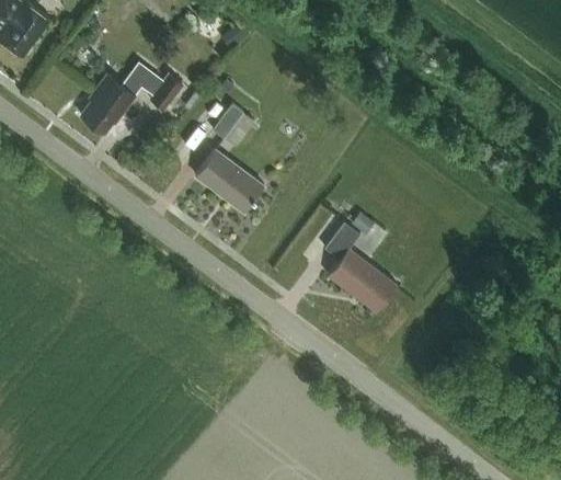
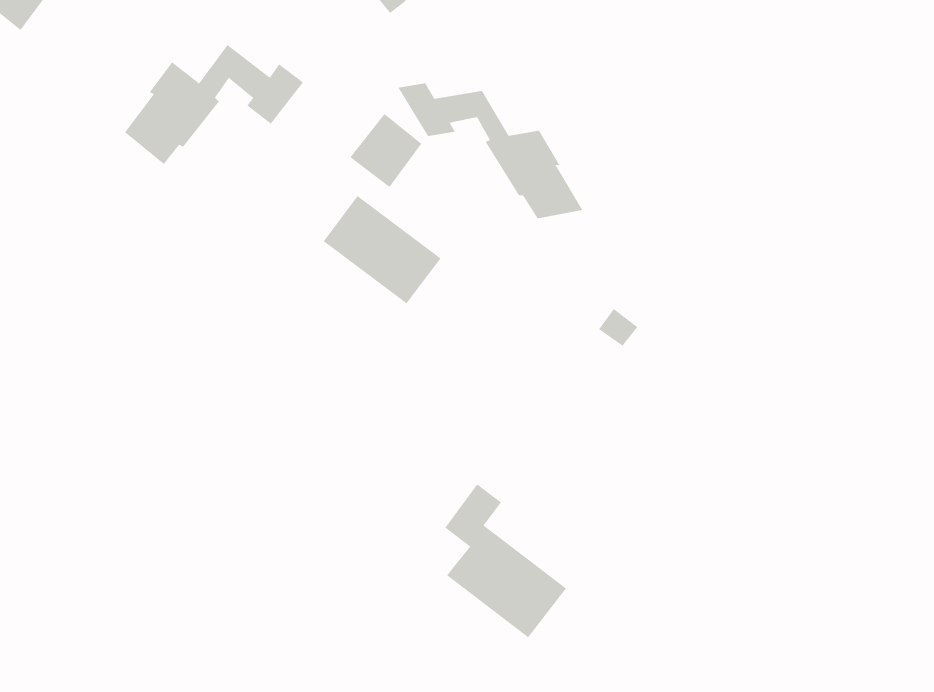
building: none -> [397,83,583,219]
building: [327,224,397,312] -> [444,483,567,638]

